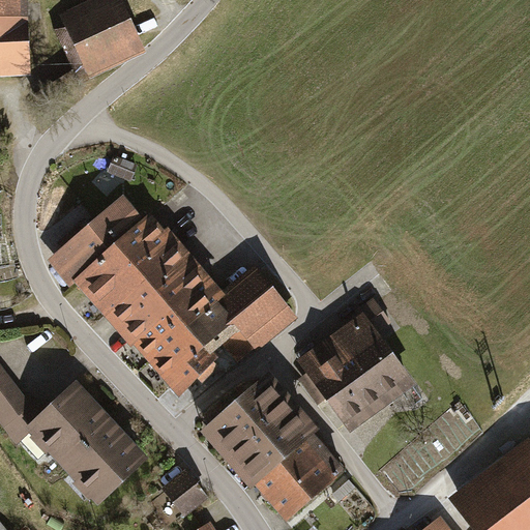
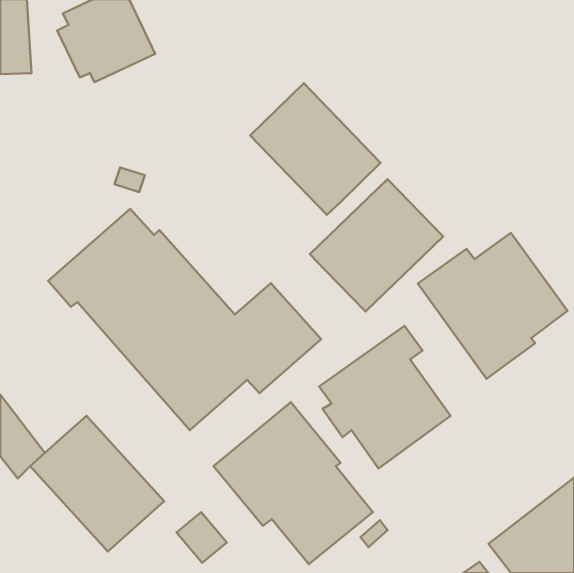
building: none -> [250,83,380,215]
building: none -> [310,179,443,311]
building: none -> [418,233,568,379]

